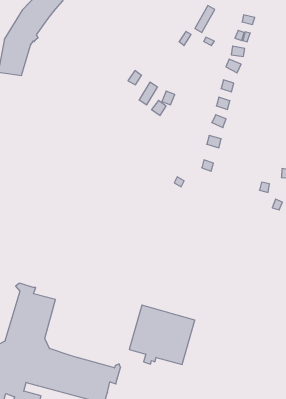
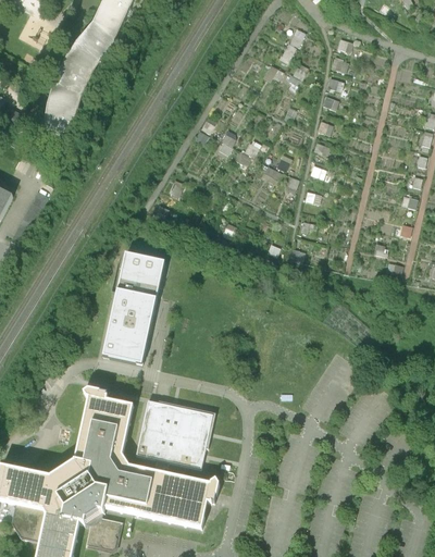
building: none -> [98,253,162,367]
building: [129,305,195,364] -> [136,400,214,472]

